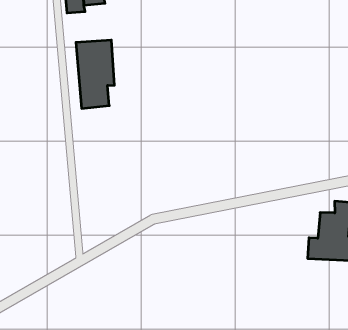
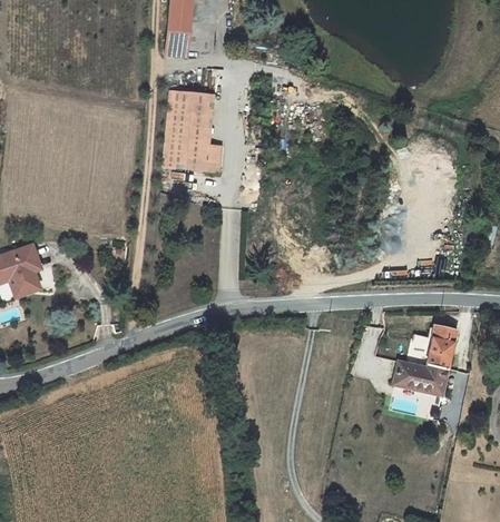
building: none -> [196,146,218,171]

